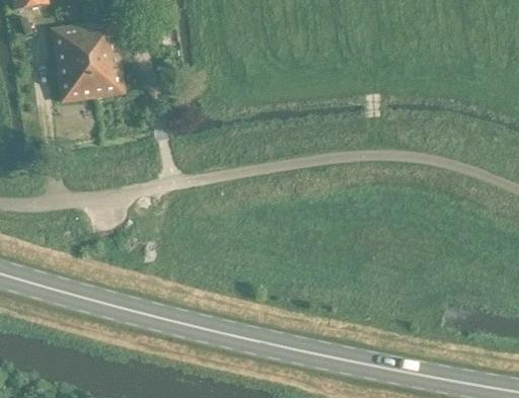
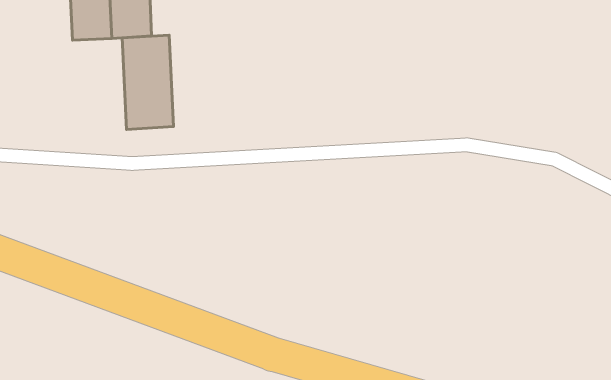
building: none -> [122,35,174,129]

